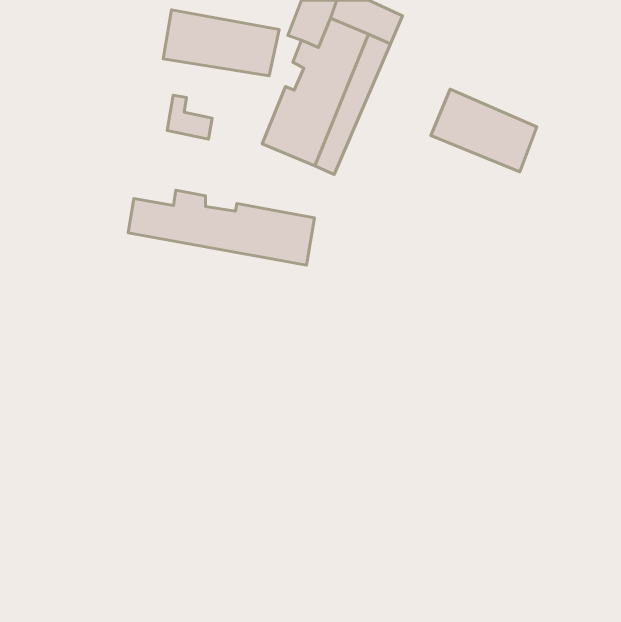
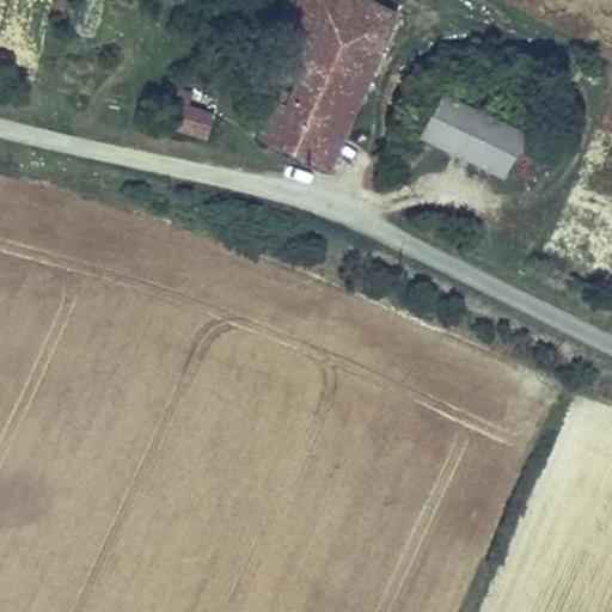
building: [163,10,279,76] -> none
building: [128,190,314,265] -> none

